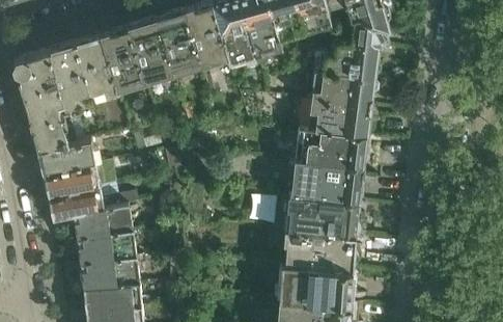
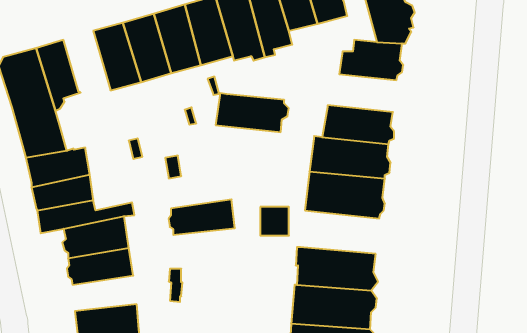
building: [73,37,116,98] -> none
building: [312,76,379,111] -> [216,93,289,132]
building: [287,200,362,240] -> none
building: [79,260,139,292] -> [169,199,235,235]

